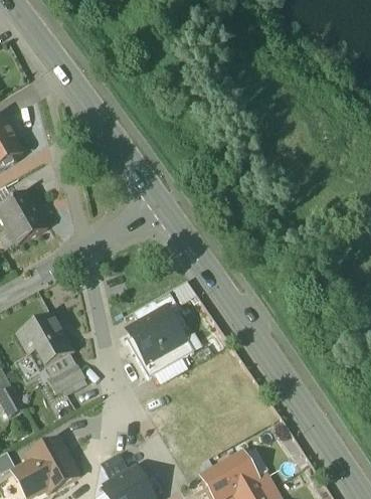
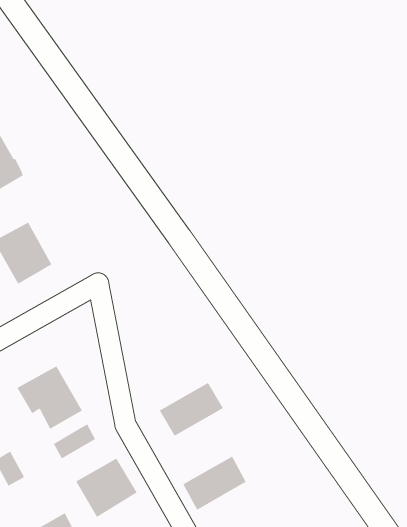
building: [125,305,179,351] -> [183,456,247,510]
building: none -> [75,458,138,518]

